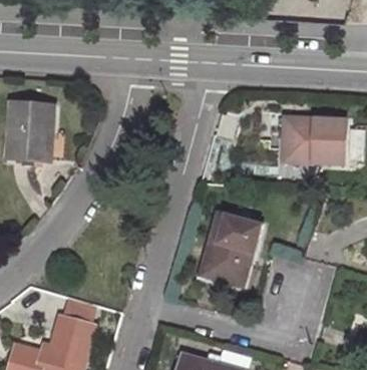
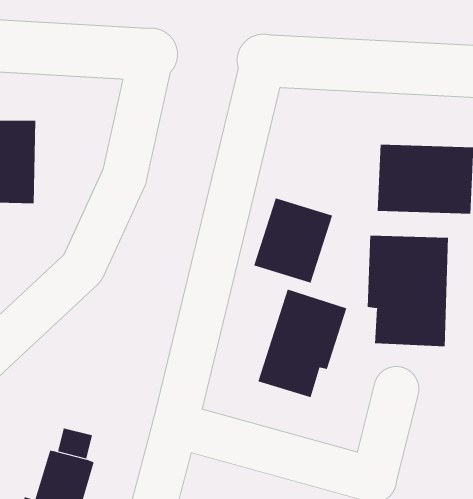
building: none -> [253,197,333,283]
building: none -> [367,235,449,347]

